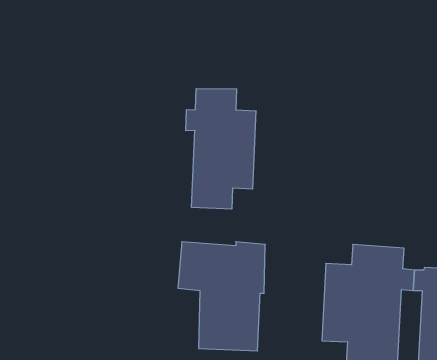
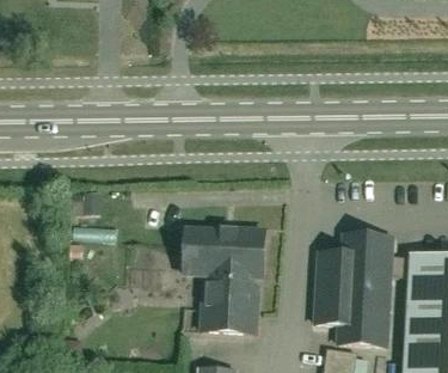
building: [186,89,256,209] -> none

